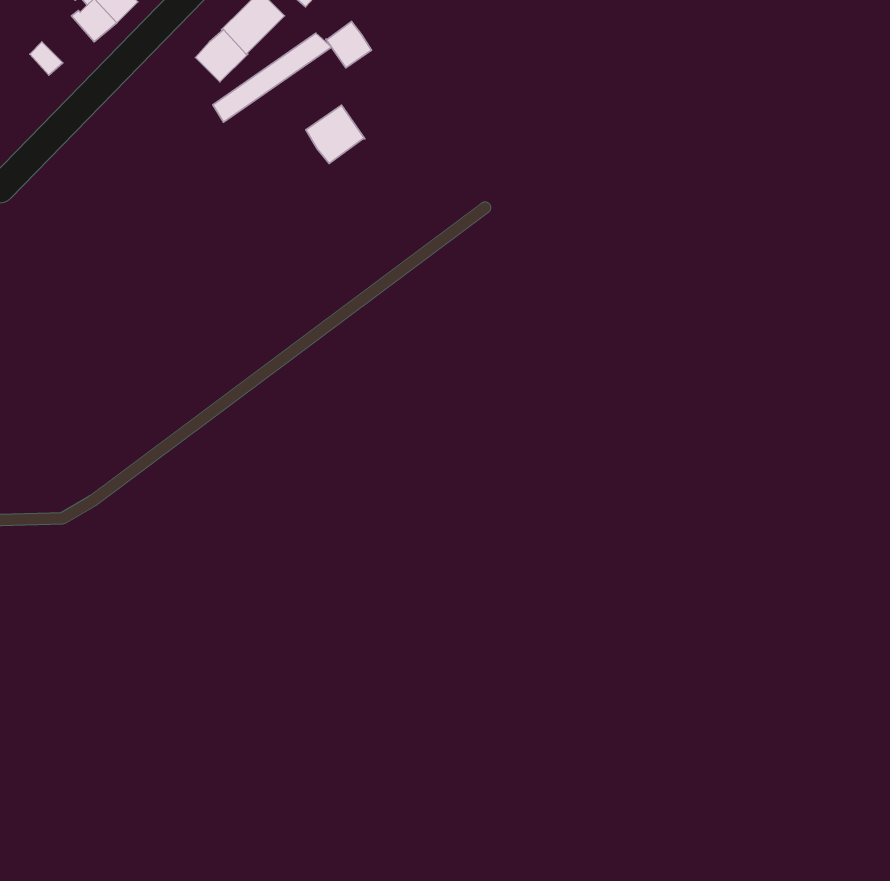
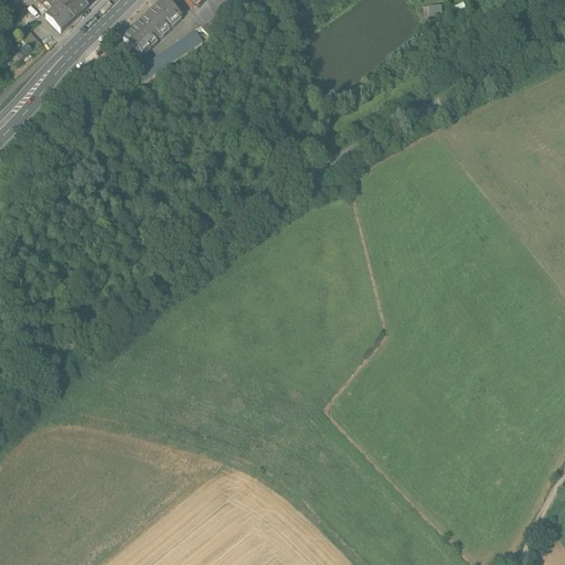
building: [326,21,371,68] -> none
building: [306,105,365,164] -> none

